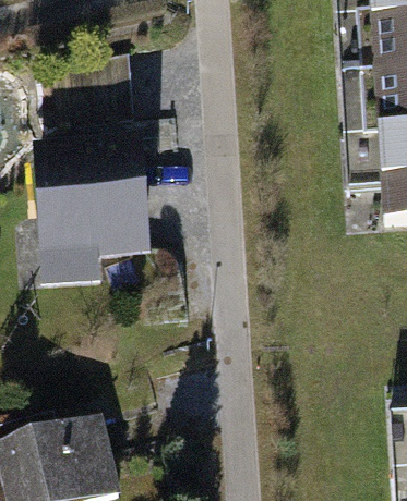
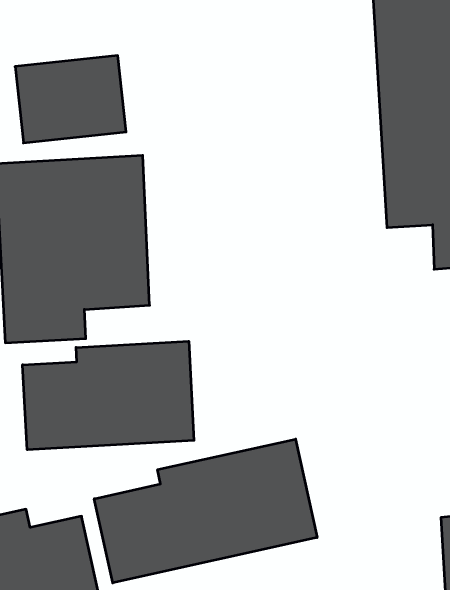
building: none -> [23,341,194,450]
building: none -> [94,439,317,583]

